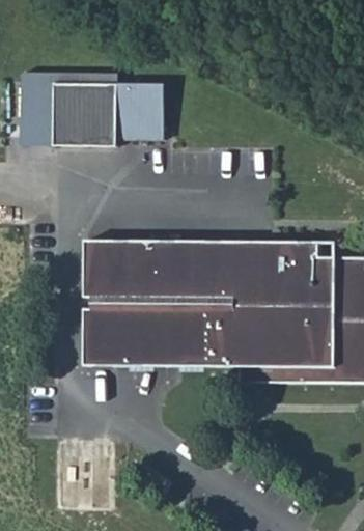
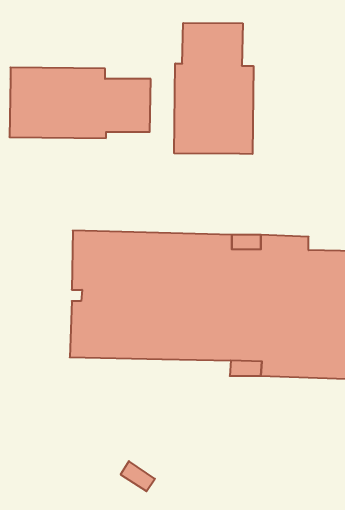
building: none -> [174,23,253,154]

